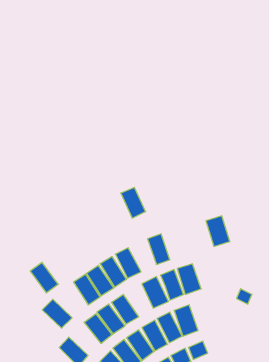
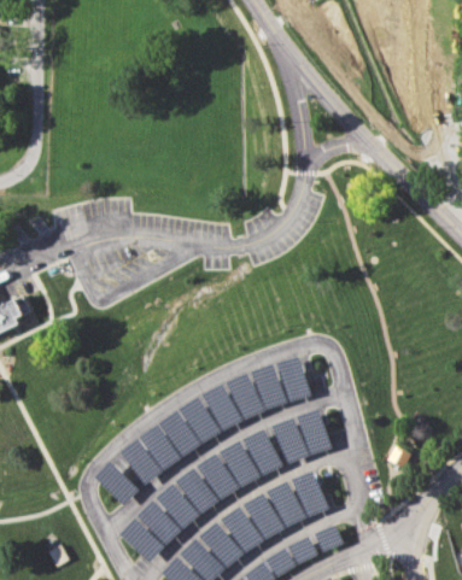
building: [121,187,146,218] -> [227,374,264,420]
building: [206,216,230,246] -> [276,356,312,402]
building: [30,262,58,293] -> [121,439,163,485]
building: none -> [221,441,259,487]
building: none -> [138,500,181,545]

